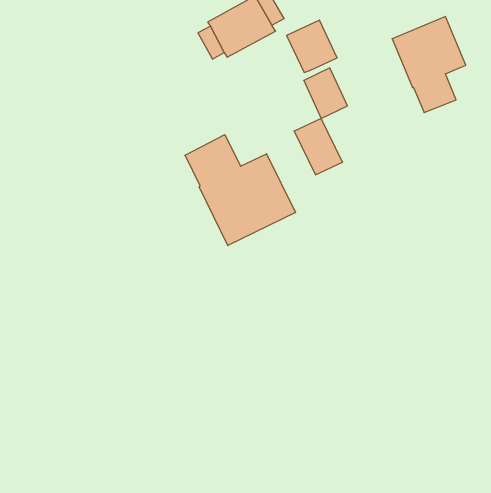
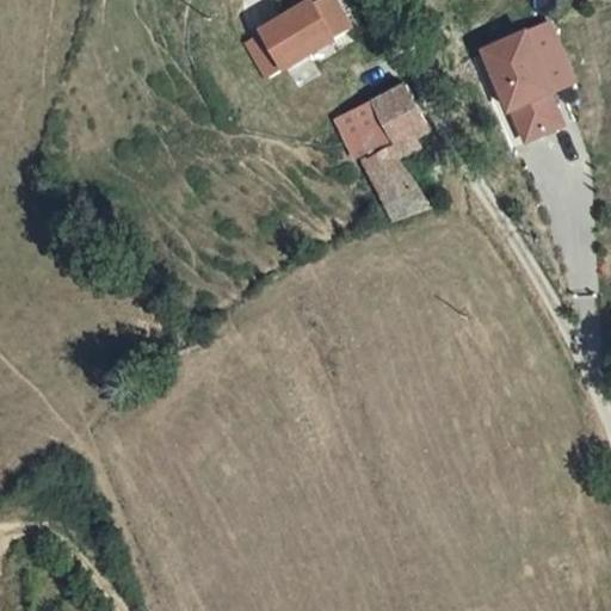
building: [287,20,337,72] -> [333,99,395,163]
building: [185,135,295,246] -> none

